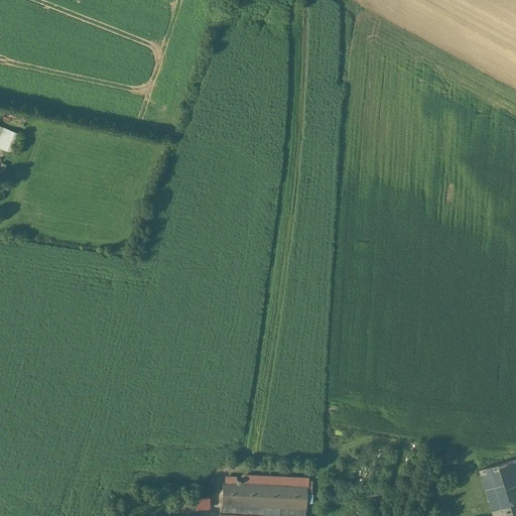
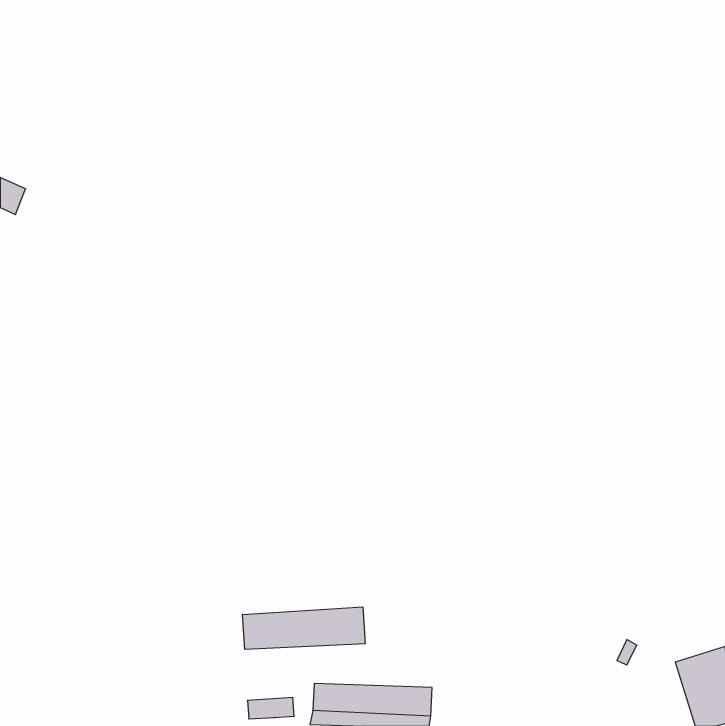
building: none -> [243,607,365,649]

